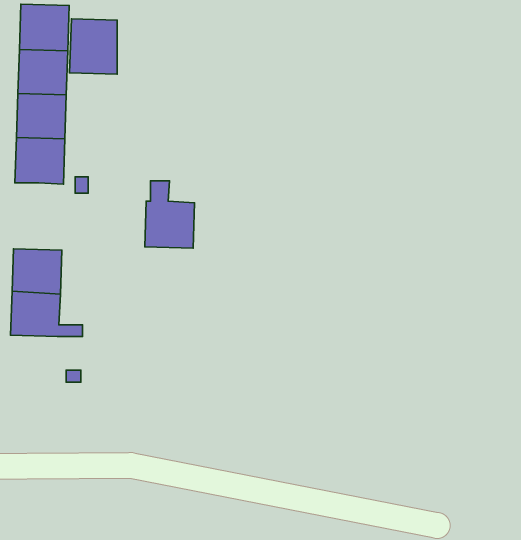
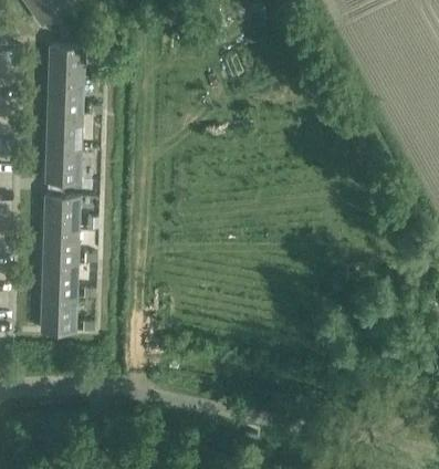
building: [70,19,117,74] -> none
building: [145,181,195,248] -> [43,181,81,232]
building: none -> [40,296,76,333]

